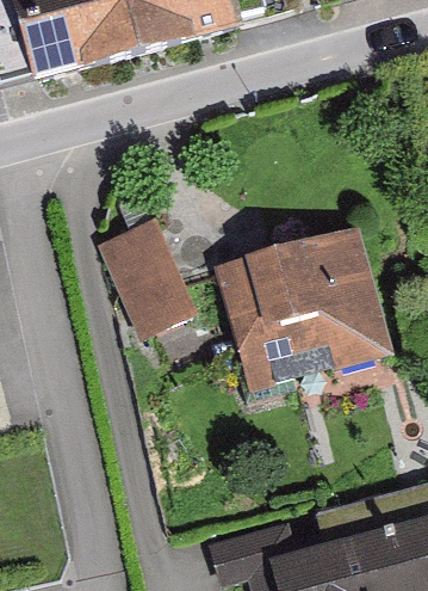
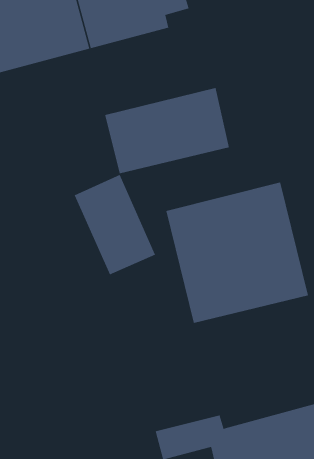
building: none -> [104,87,230,174]

